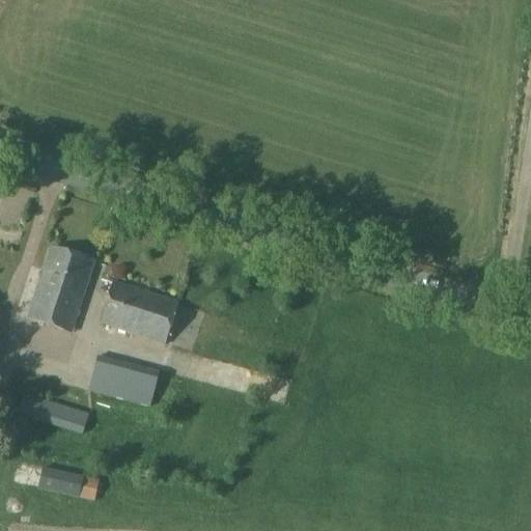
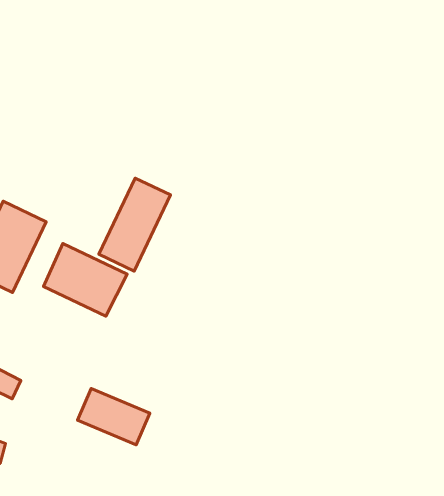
building: none -> [99,178,171,271]
building: [89,357,158,406] -> [77,388,150,445]

